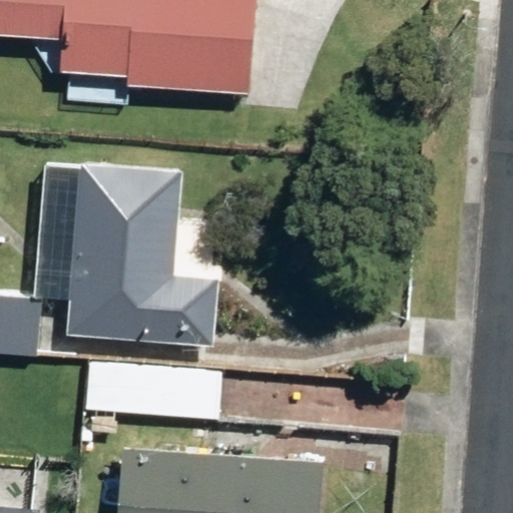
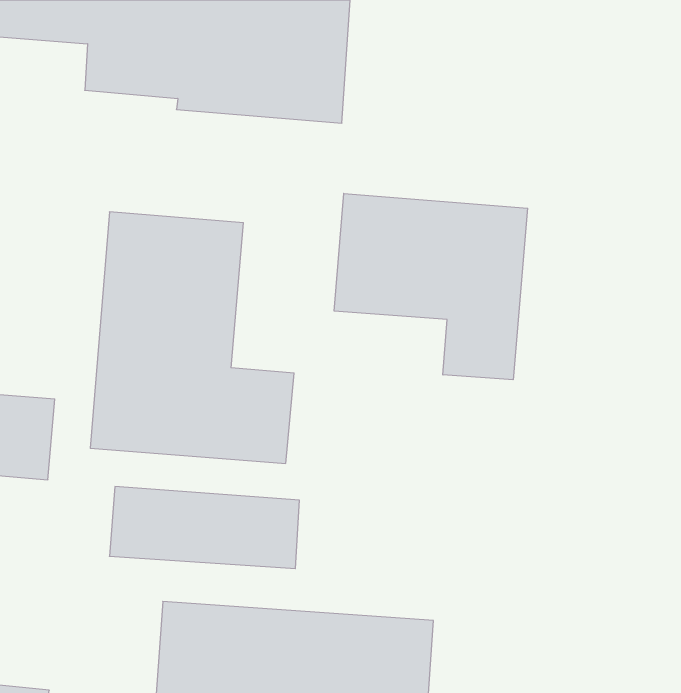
building: none -> [334,193,528,380]

